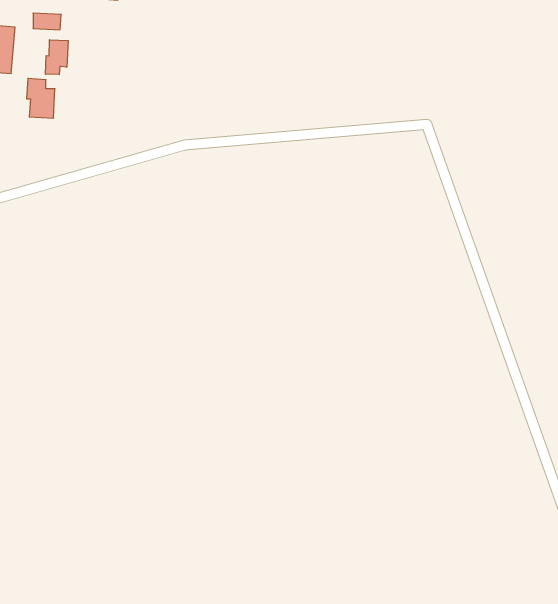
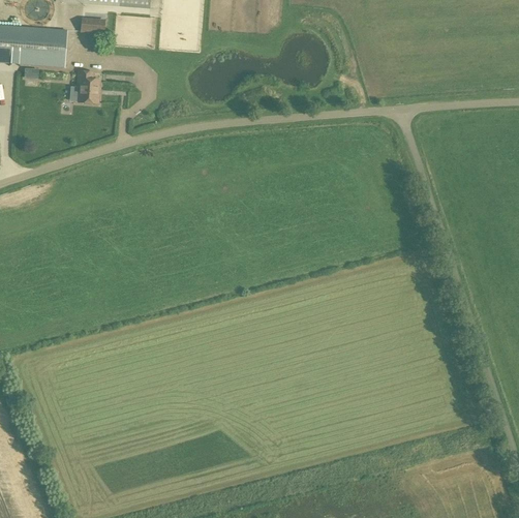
building: [46,40,68,75] -> none

